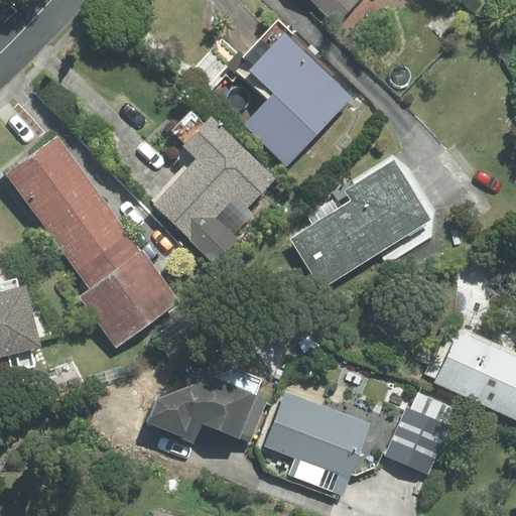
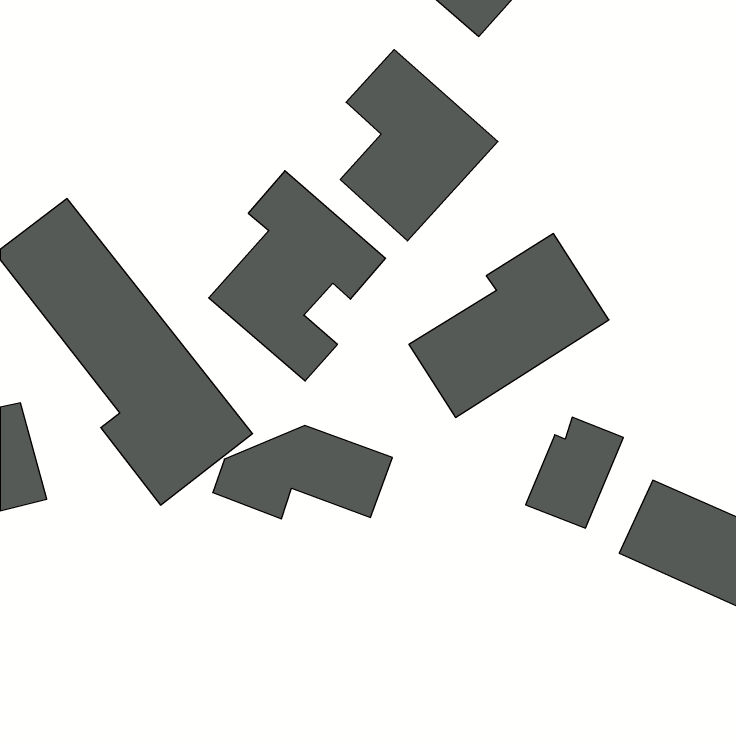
building: [145,378,269,442] -> [213,426,392,519]
building: [267,391,372,494] -> none
building: [387,394,455,471] -> [526,417,623,528]

